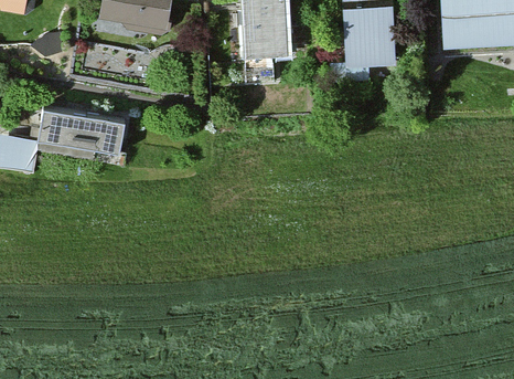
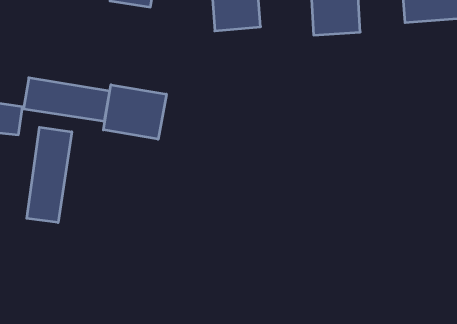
building: none -> [103,85,166,139]
building: none -> [27,127,72,223]

